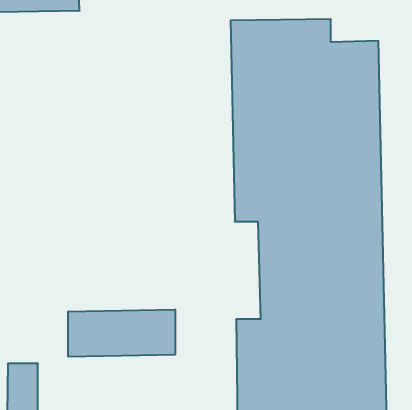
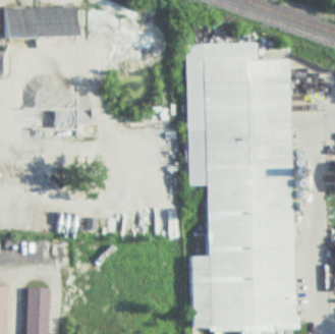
building: [68,309,175,357] -> none

